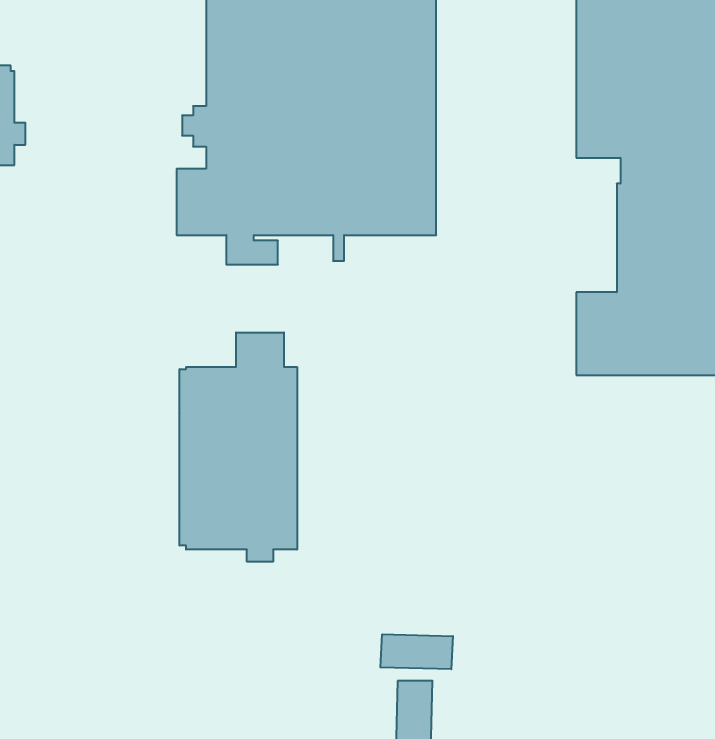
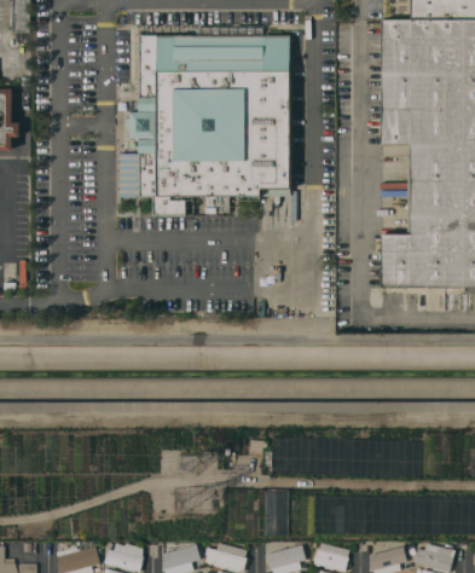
building: [180,332,297,562] -> none
building: [380,634,453,669] -> none

